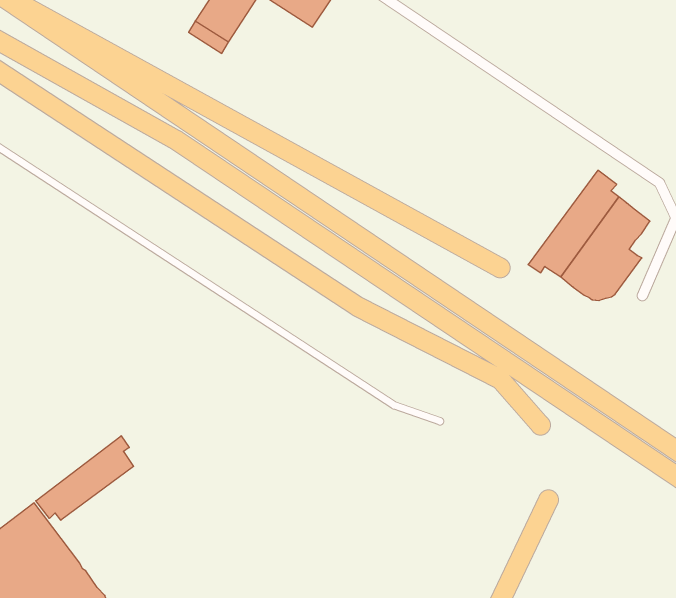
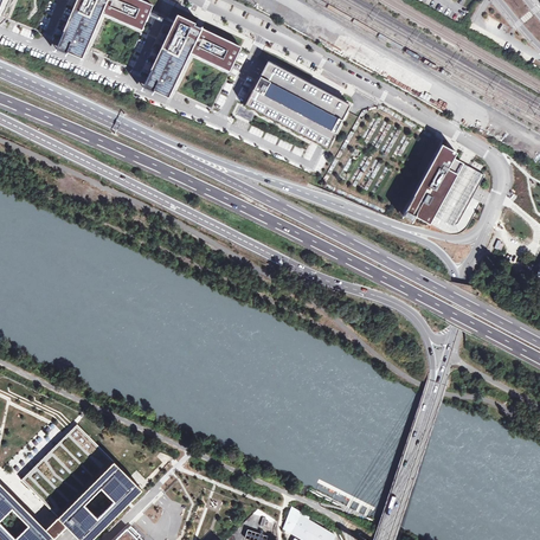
building: none -> [245,62,351,148]
building: [36,436,134,520] -> none

